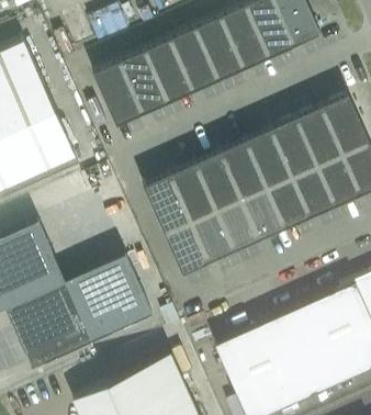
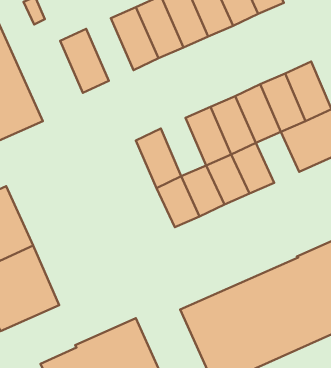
building: [120,51,168,114] -> none
building: [195,152,241,211] -> none
building: [292,166,336,217] -> none
building: [144,175,210,274] -> none
building: [66,255,153,341] -> none

